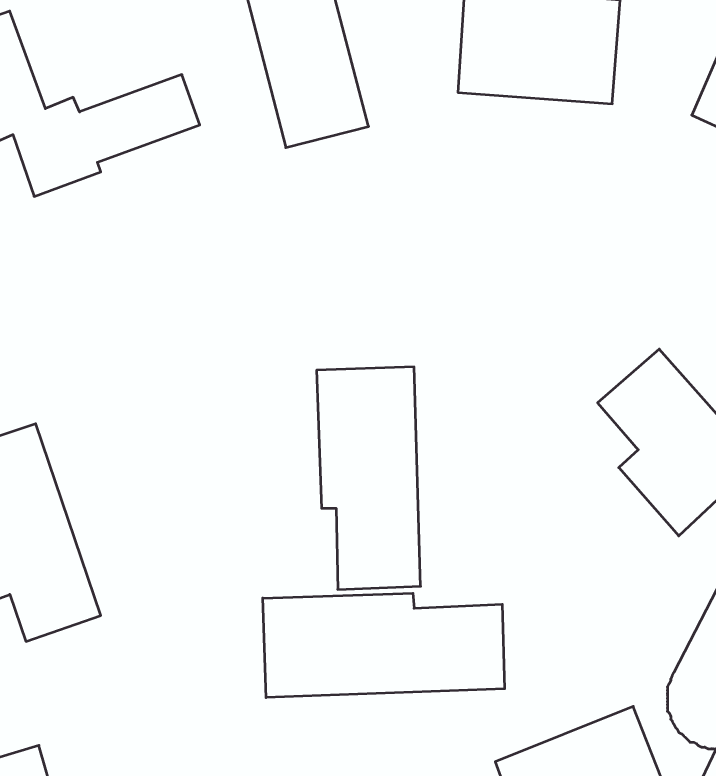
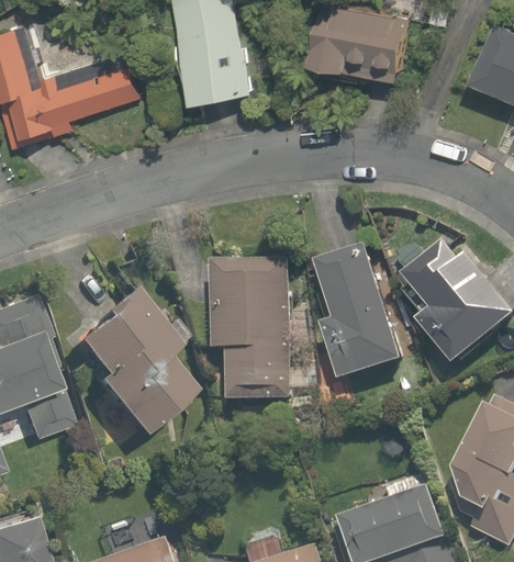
building: none -> [317,249,411,387]
building: none -> [68,285,186,445]
building: [263,593,505,698] -> none

